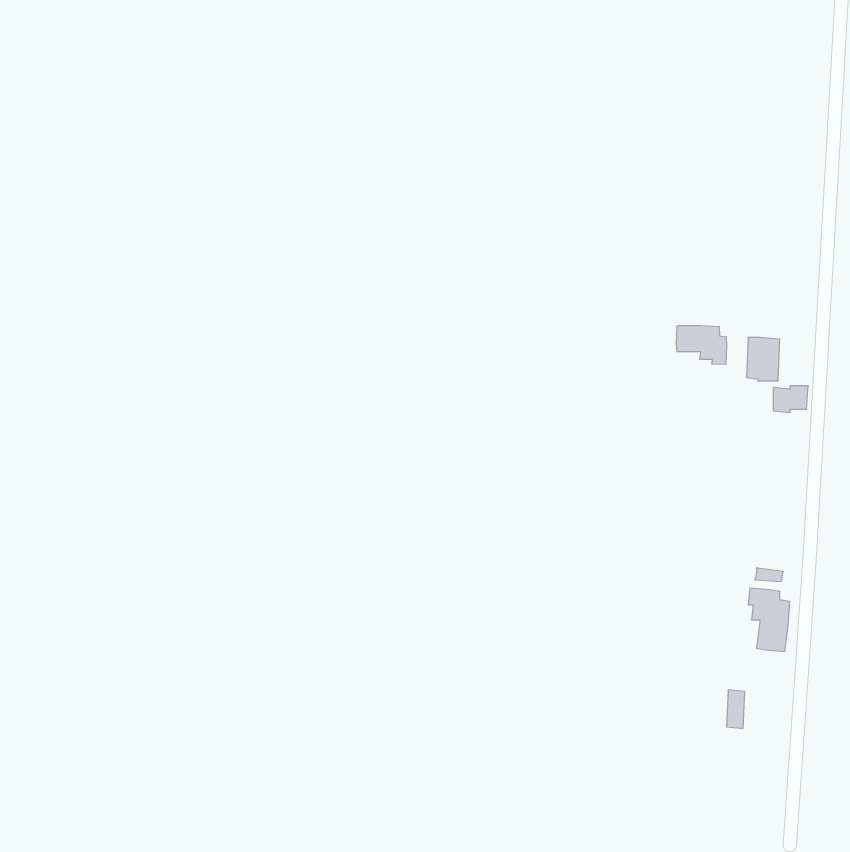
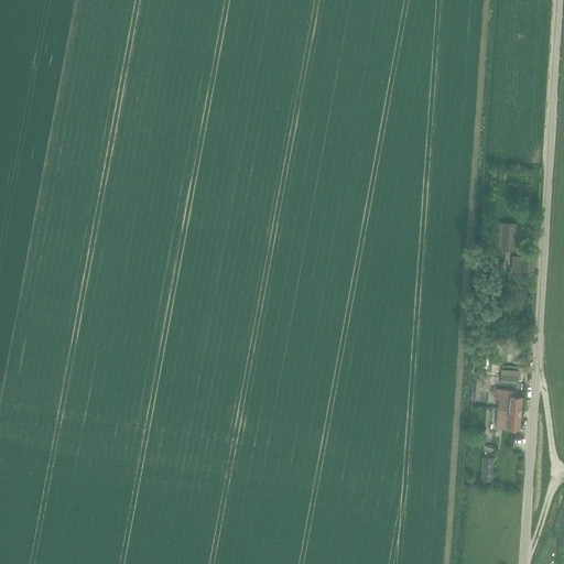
building: [677,325,727,364] -> none

